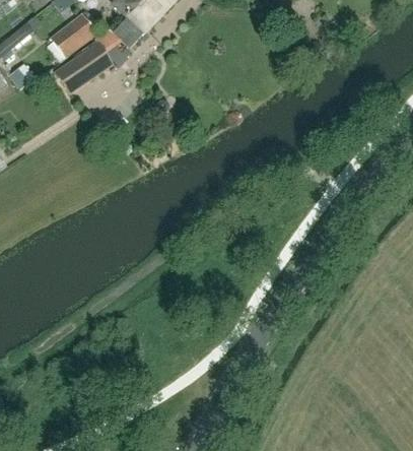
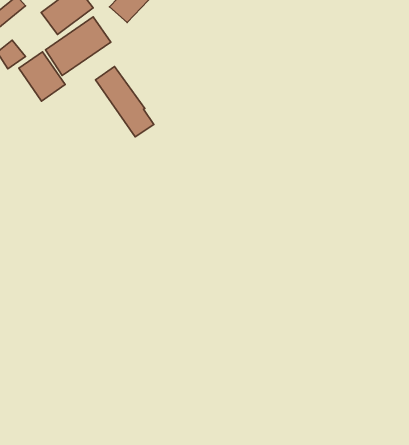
building: none -> [19,52,65,101]
building: none -> [96,67,154,137]

